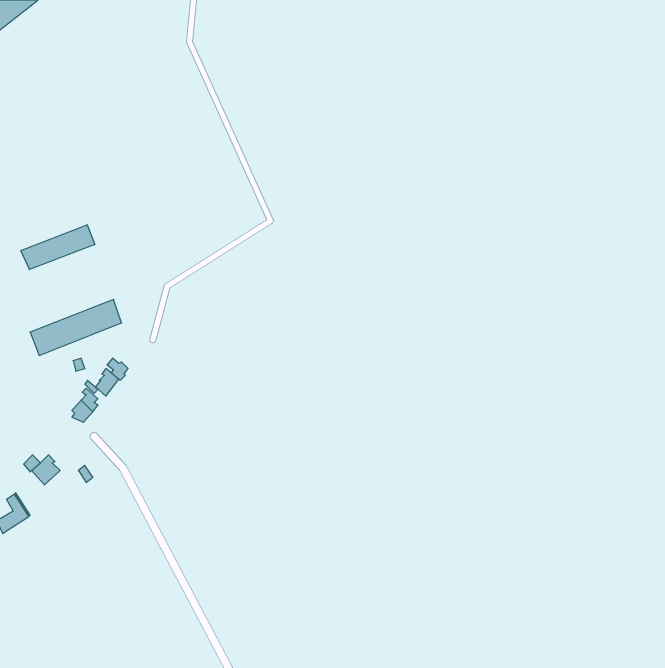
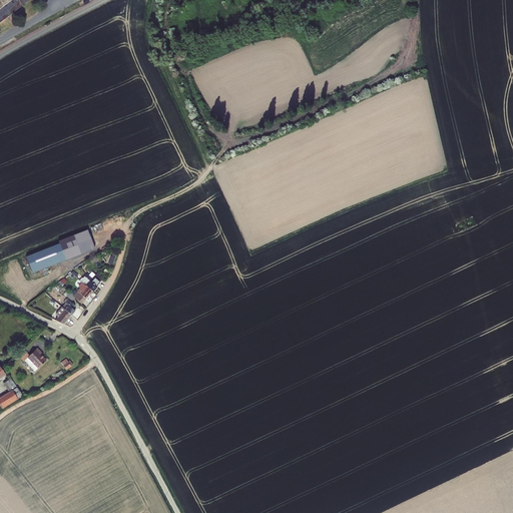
building: [21,225,95,270] -> none

